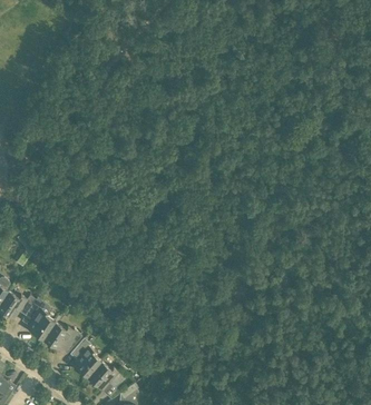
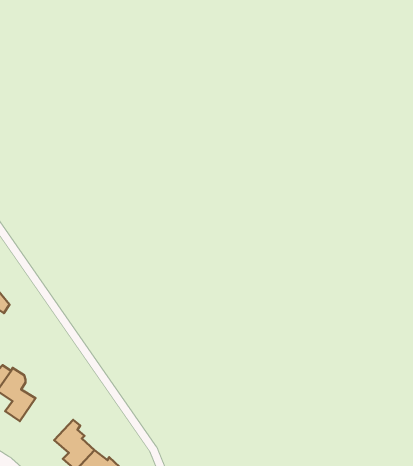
building: [42,322,81,353] -> none

